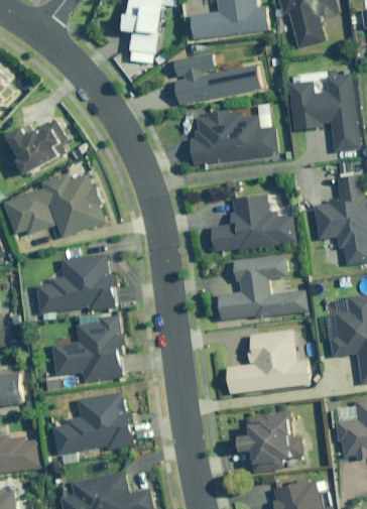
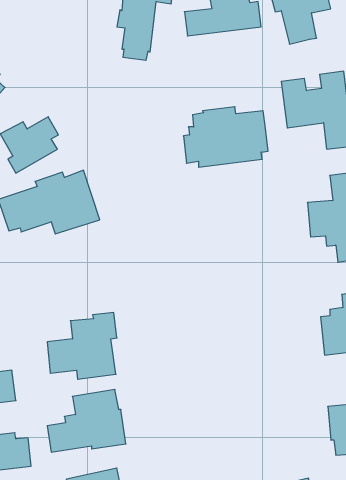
building: [173,52,259,105] -> none
building: [211,195,293,251] -> none
building: [37,254,112,312] -> none
building: [218,255,305,321] -> none
building: [227,330,309,393] -> none
building: [239,410,301,467] -> none

